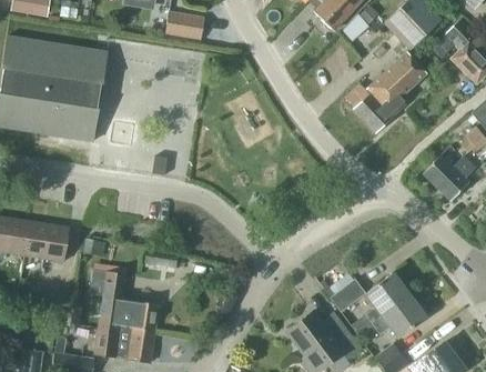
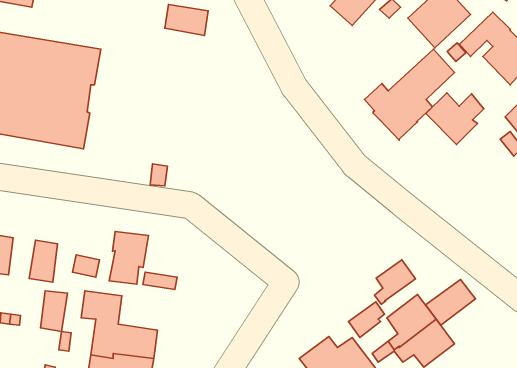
building: [423,153,475,200] -> [426,93,484,144]
building: none -> [109,232,149,284]
building: [24,221,49,258] -> [40,291,68,331]
building: none -> [375,260,416,304]
building: none -> [425,280,475,325]

